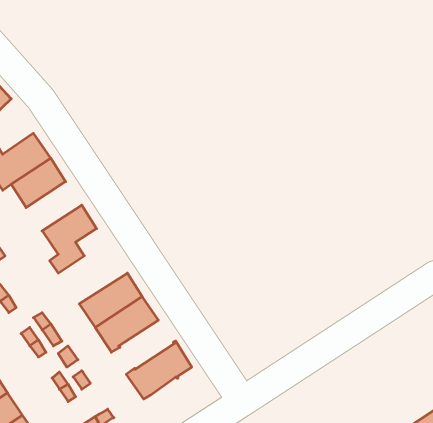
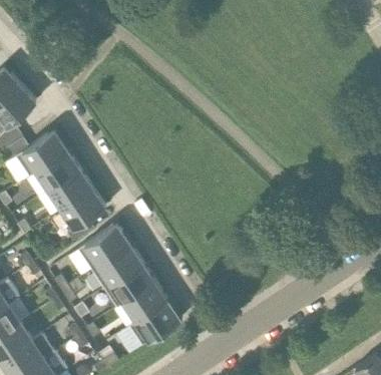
building: none -> [48,169,93,210]
building: none -> [78,224,130,269]
building: none -> [123,282,168,322]

